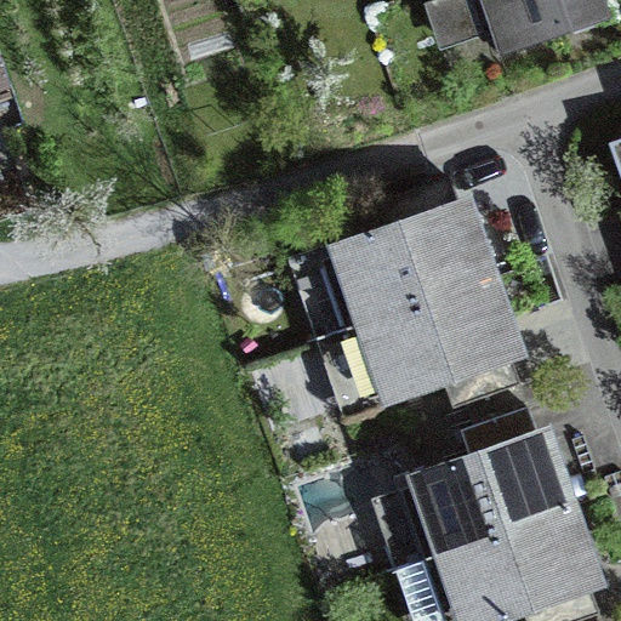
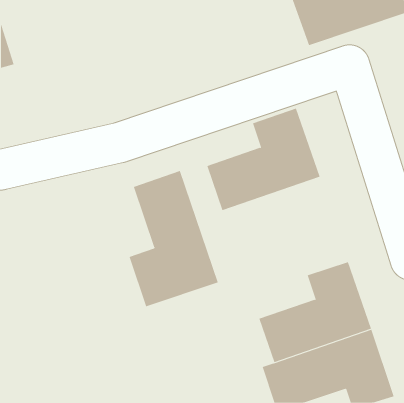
building: none -> [129,170,219,307]
building: [344,267,529,394] -> none

